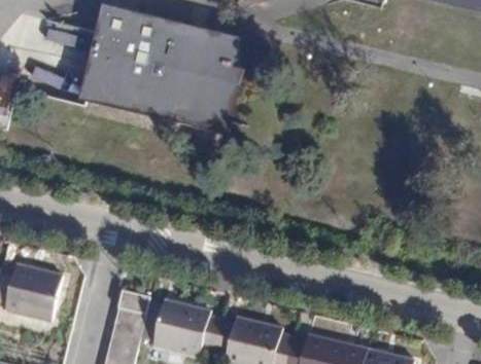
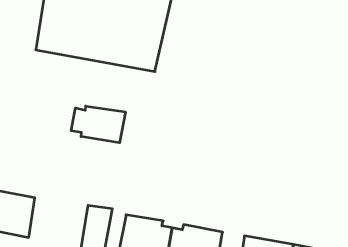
building: none -> [71,106,125,143]

